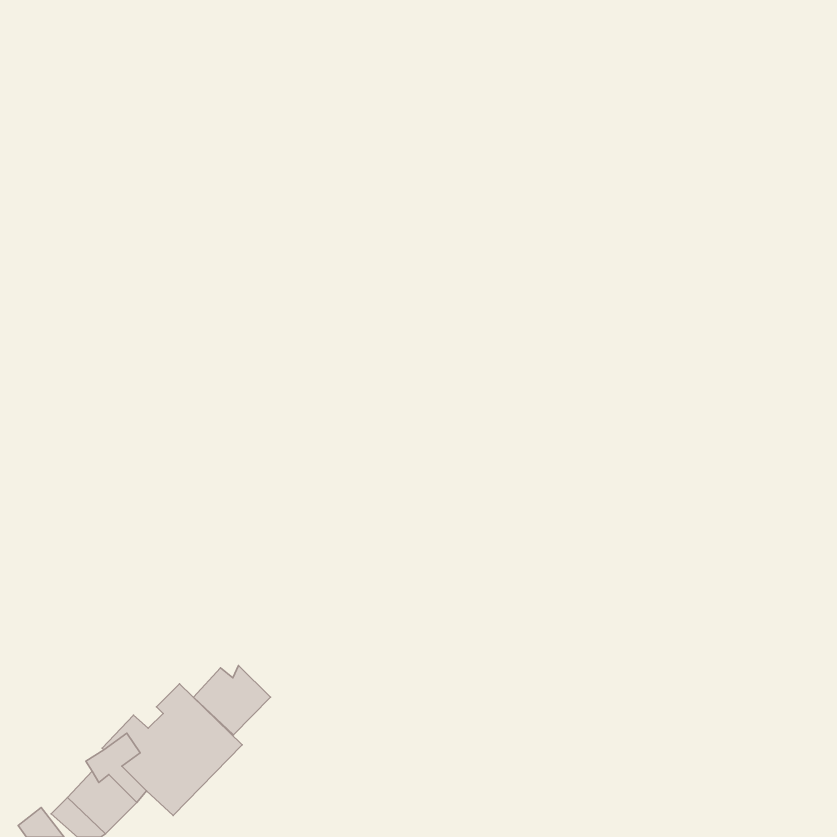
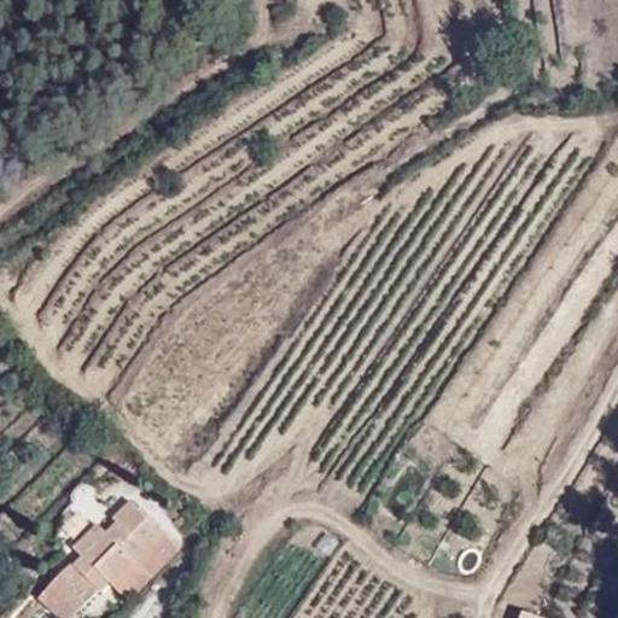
building: [193,665,270,735] -> none

